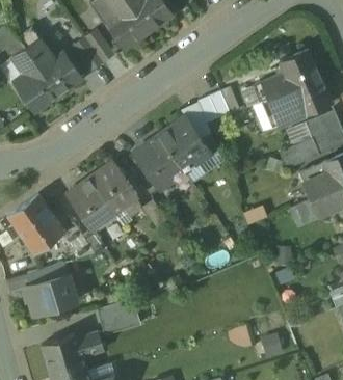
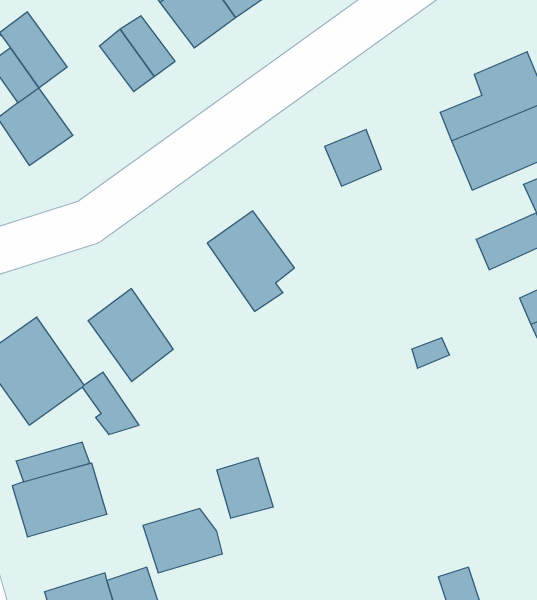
building: [38,53,81,96] -> none
building: [156,117,209,168] -> none
building: [89,164,135,210] -> none
building: none -> [217,458,273,518]

